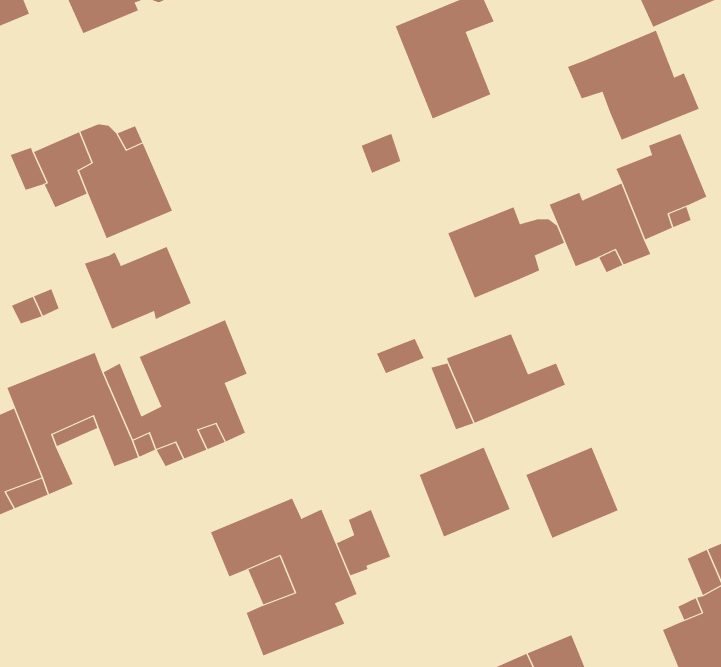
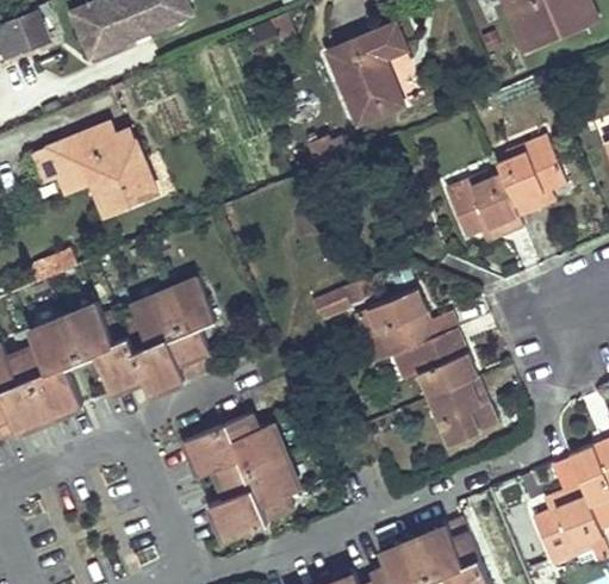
building: [567,30,700,141] -> none
building: [448,206,565,299] -> none
building: [84,246,191,330] -> none
building: [419,447,510,537] -> [409,328,479,397]
building: [336,509,391,576] -> none

